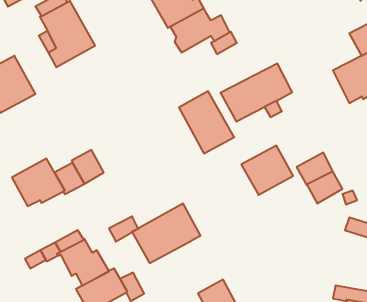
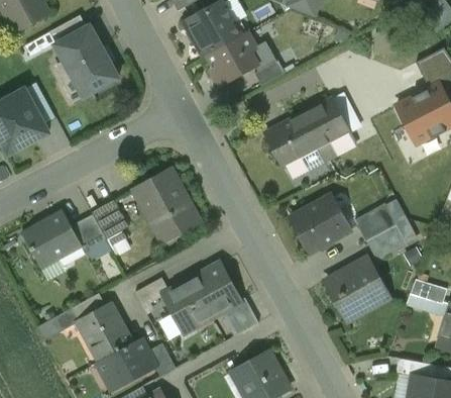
building: [179,91,234,153] -> [135,170,200,242]
building: none -> [326,259,389,320]
building: none -> [222,298,259,336]

